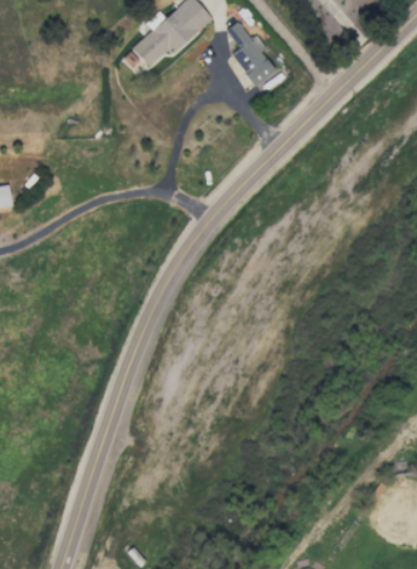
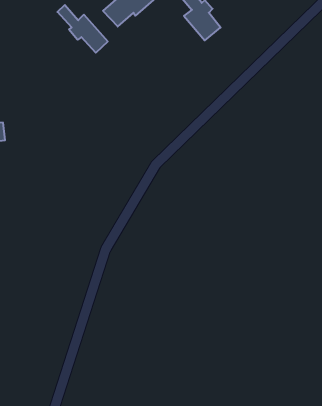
building: none -> [57,5,108,53]

